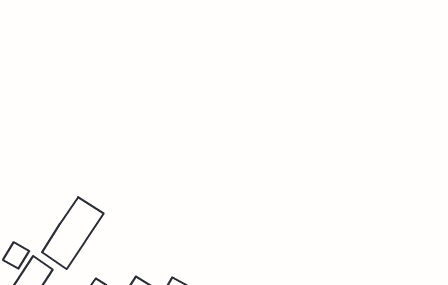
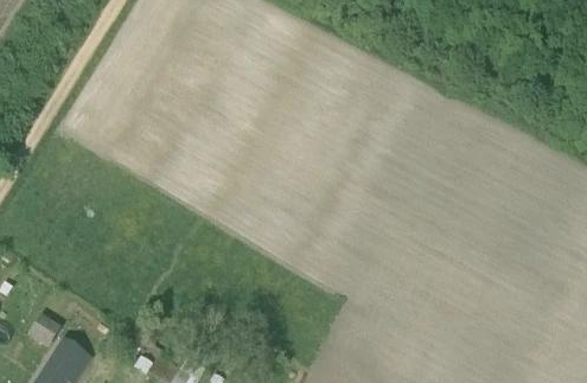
building: [42,197,104,269] -> none

